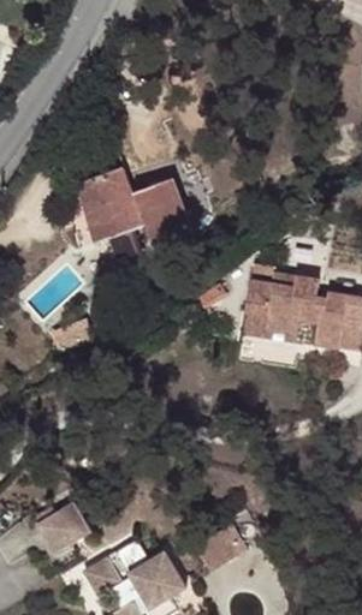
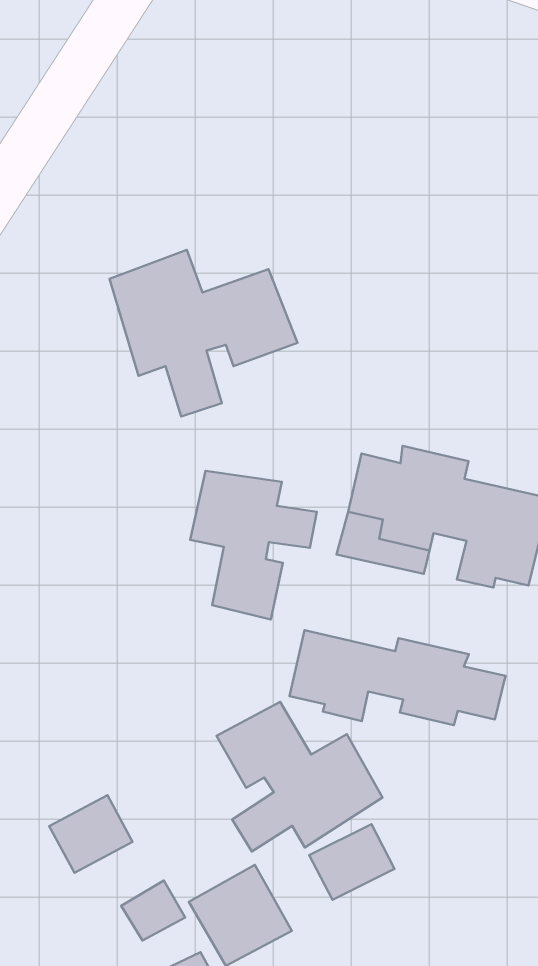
building: none -> [190,471,317,619]
building: none -> [290,630,505,725]
building: none -> [216,702,382,852]

